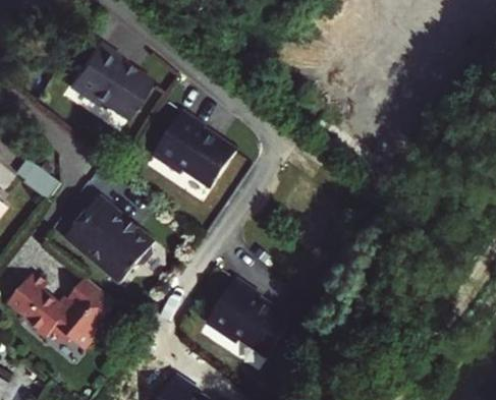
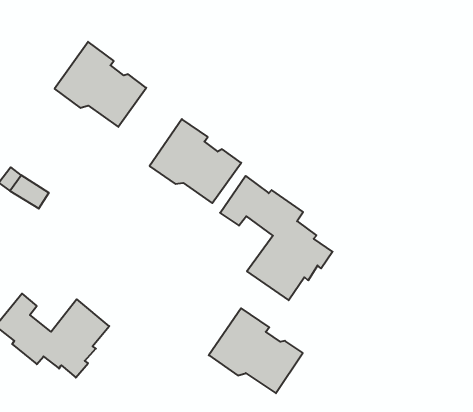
building: none -> [220,176,333,300]
building: [61,196,151,283] -> none

